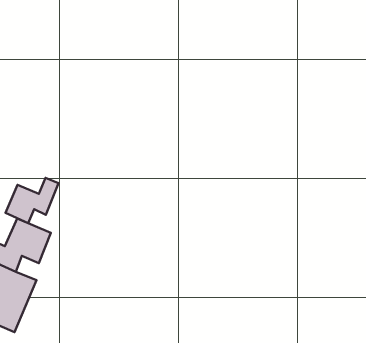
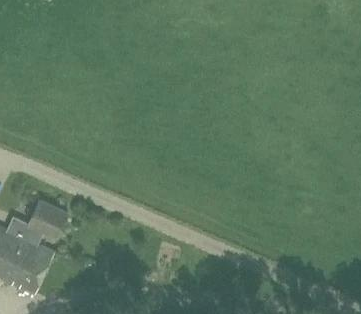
building: [6,178,59,223] -> none

